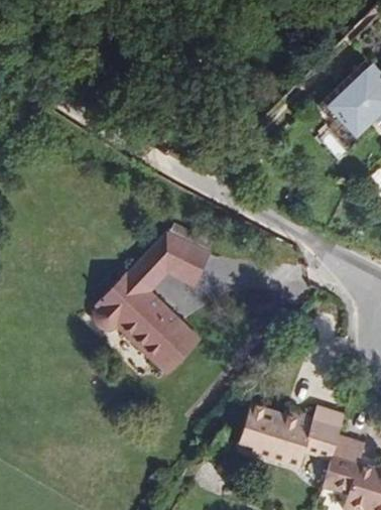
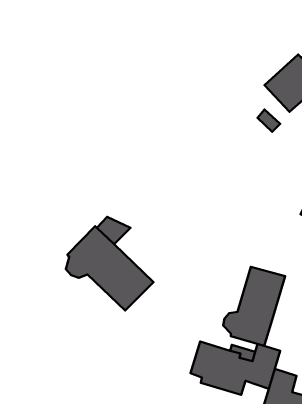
building: [142,234,204,281] -> none
building: none -> [223,267,285,346]

